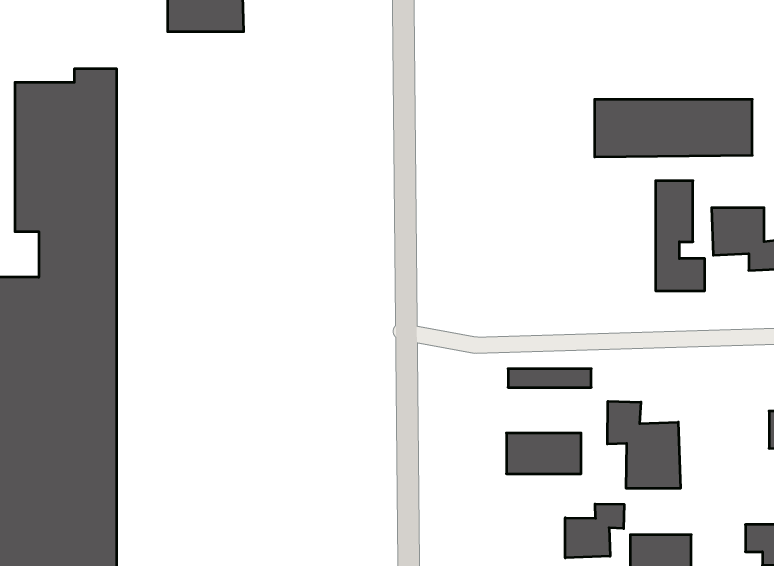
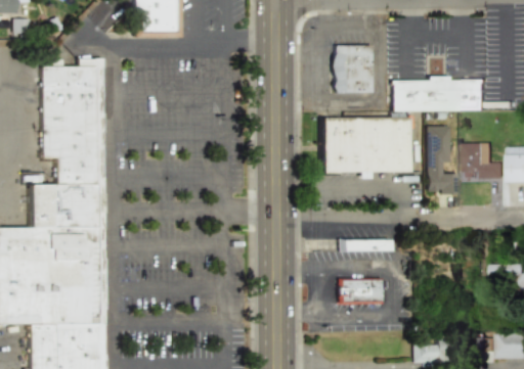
building: none -> [334,45,375,94]
building: none -> [322,117,410,180]
building: [607,401,680,488] -> none
building: [565,504,624,558] -> none

